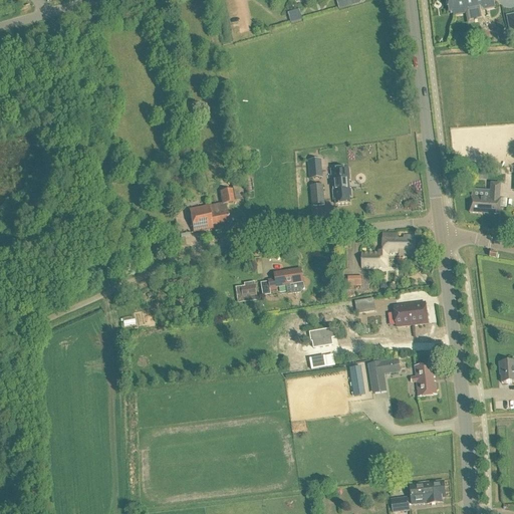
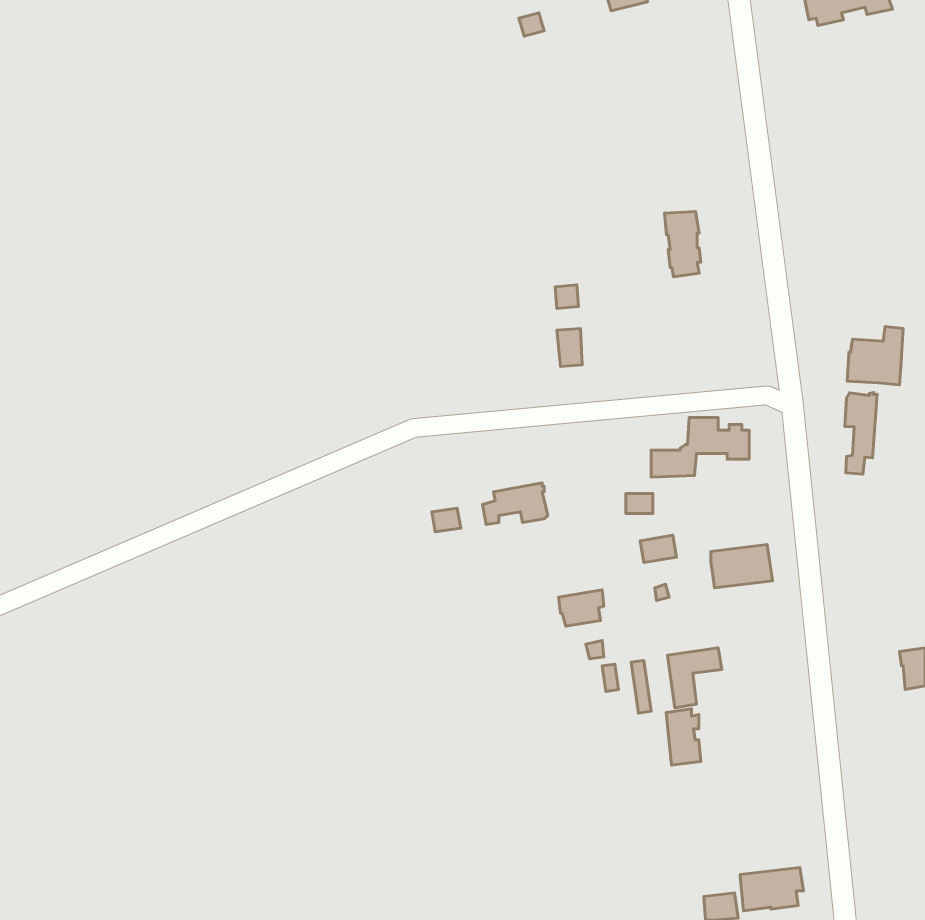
building: [330,167,350,203] -> [665,211,701,277]
building: [188,188,234,231] -> none
building: none -> [845,392,877,474]
building: [416,363,435,395] -> [666,709,701,765]

